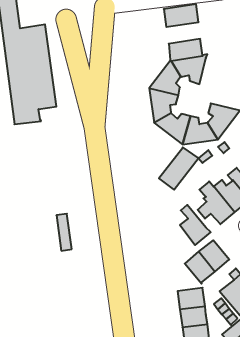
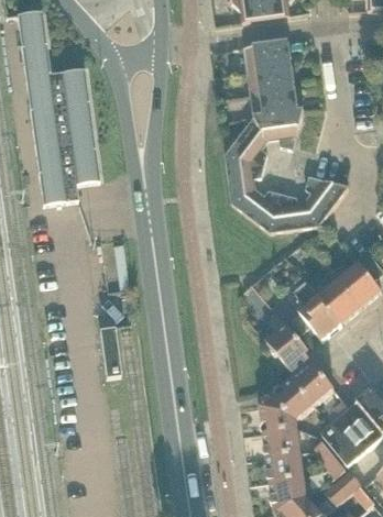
building: none -> [248,63,294,92]
building: [159,147,199,190] -> none
building: none -> [260,393,297,430]

